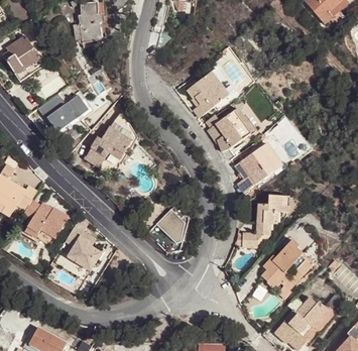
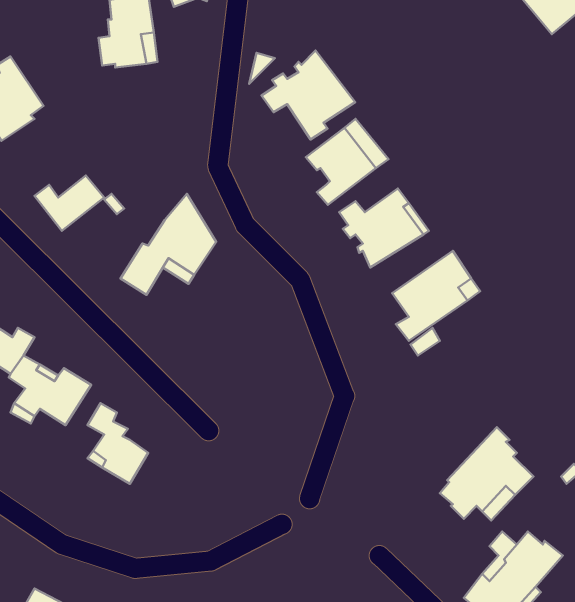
building: none -> [262,51,355,140]
building: [243,196,289,250] -> none
building: [156,208,184,243] -> none

